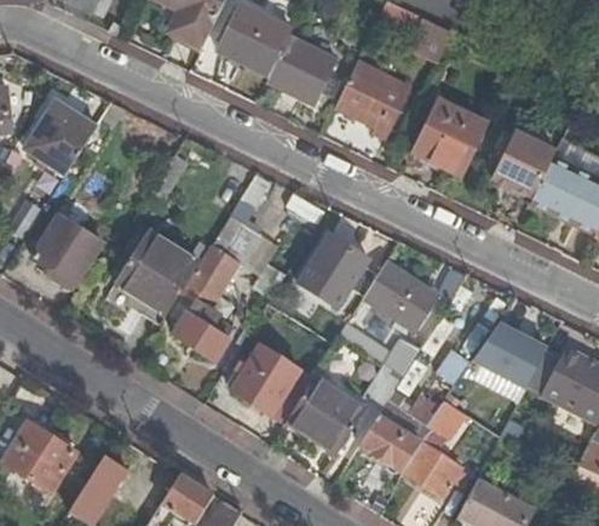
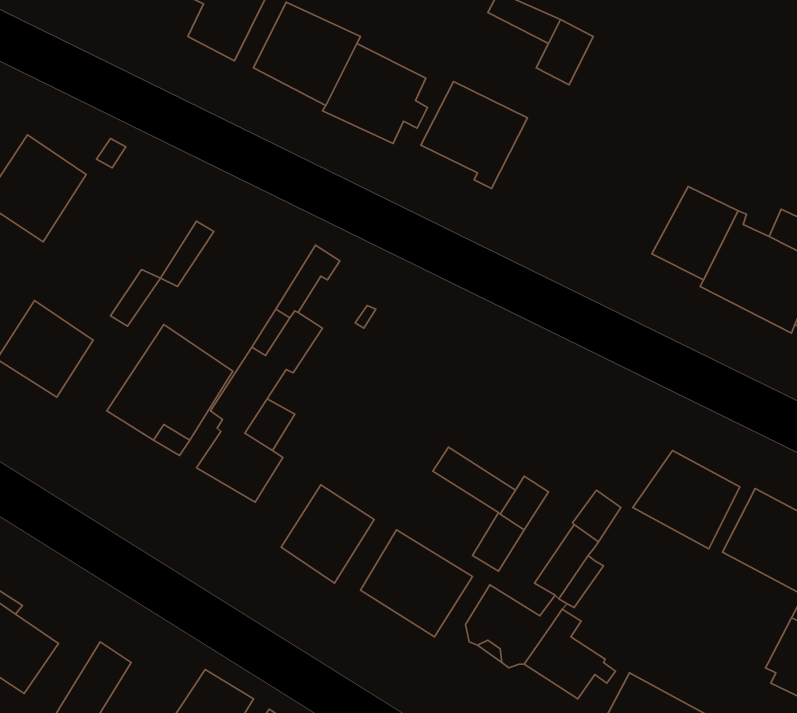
building: [409,96,486,175] -> none
building: [300,236,368,308] -> none
building: [365,261,439,328] -> none

